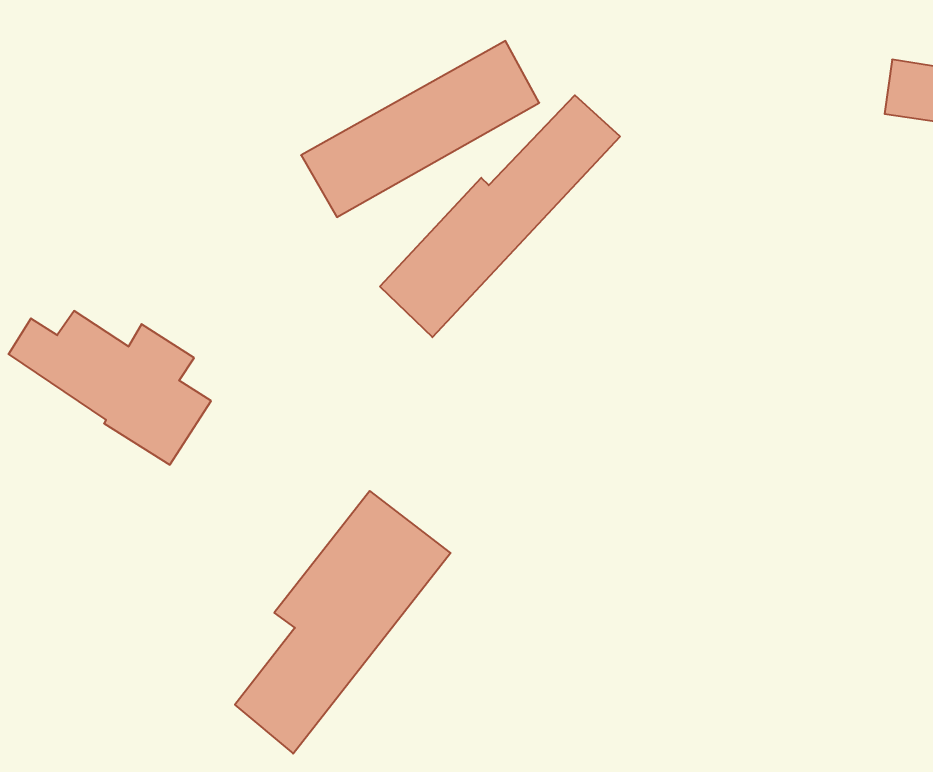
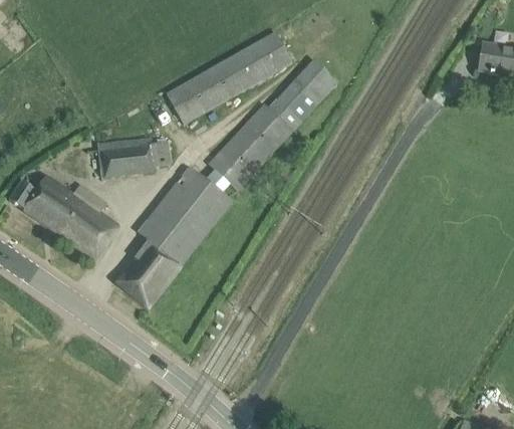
building: none -> [98,134,171,174]
building: [235,491,451,754] -> [116,167,232,307]

